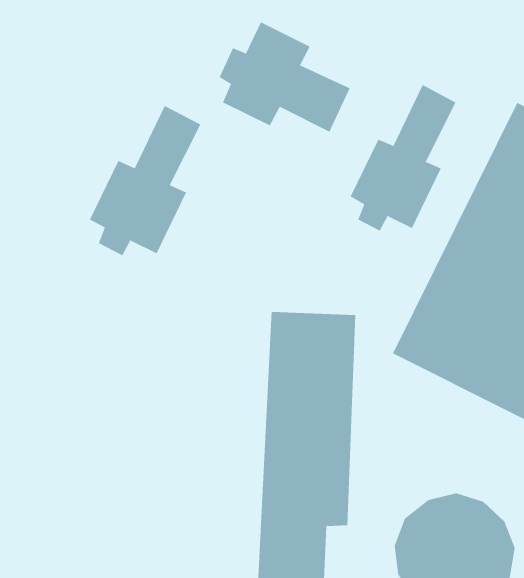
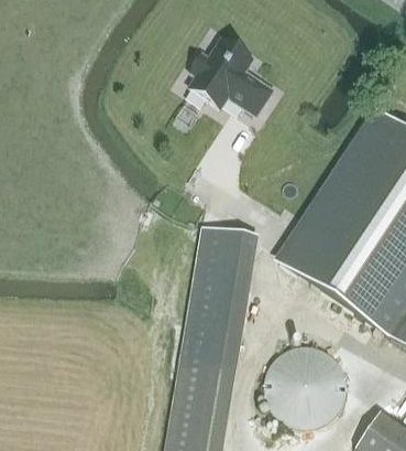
building: [350,84,456,232] -> none
building: [89,105,201,256] -> none

